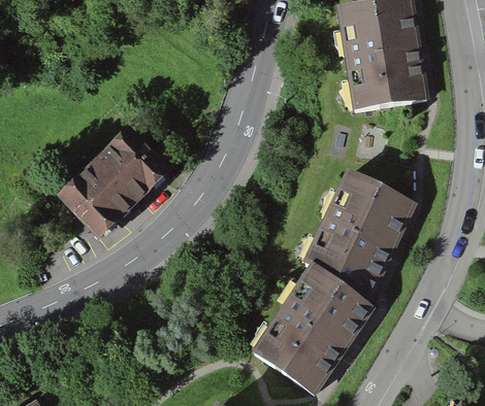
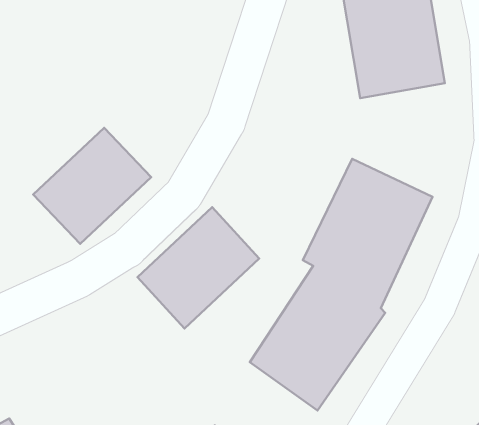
building: none -> [138,207,259,328]

